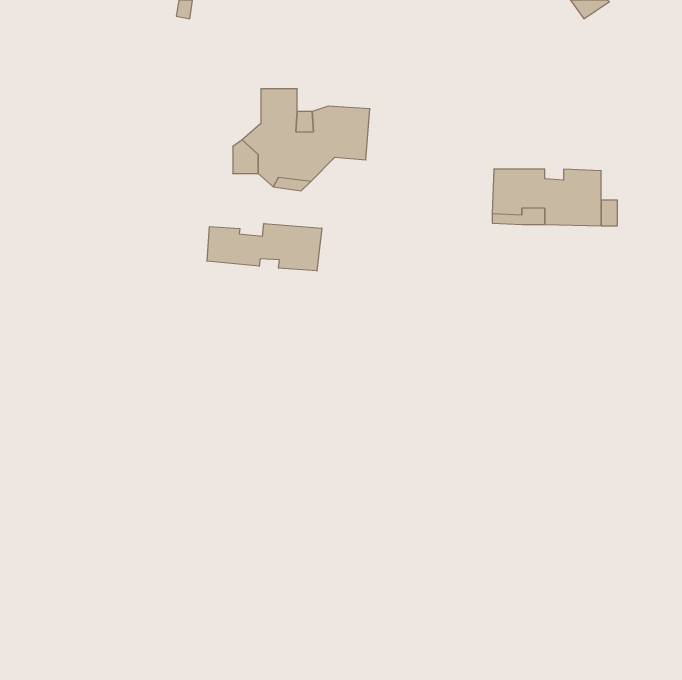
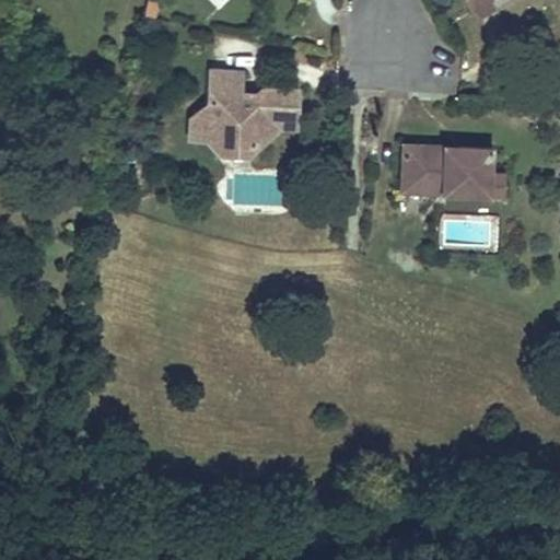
building: [207,223,322,271] -> none

